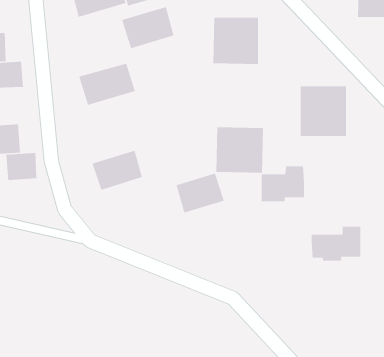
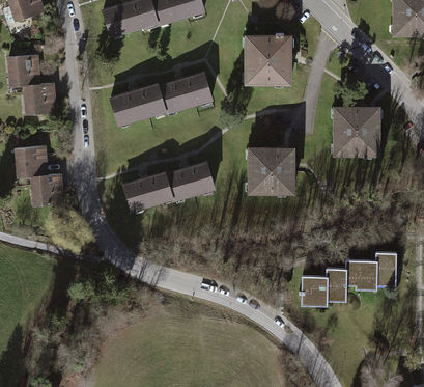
building: [121,6,175,49] -> [159,72,213,115]
building: [261,165,305,202] -> [301,264,345,301]
building: [176,173,225,214] -> [167,161,217,202]

